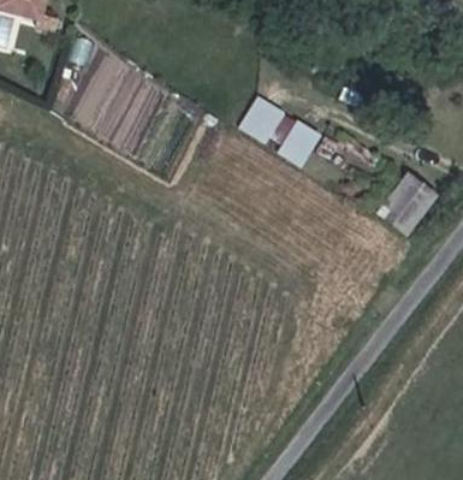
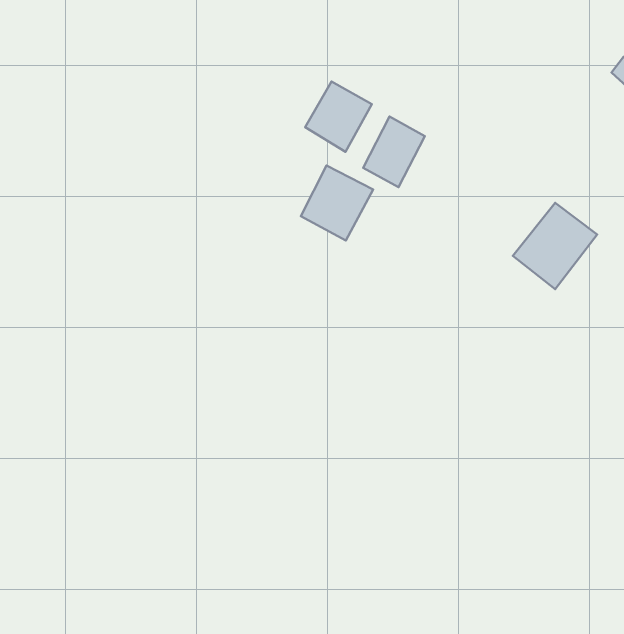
building: none -> [301,166,373,241]

